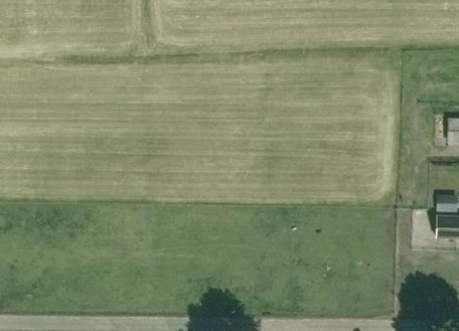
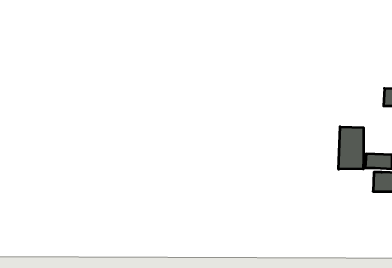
building: none -> [339,127,364,169]

